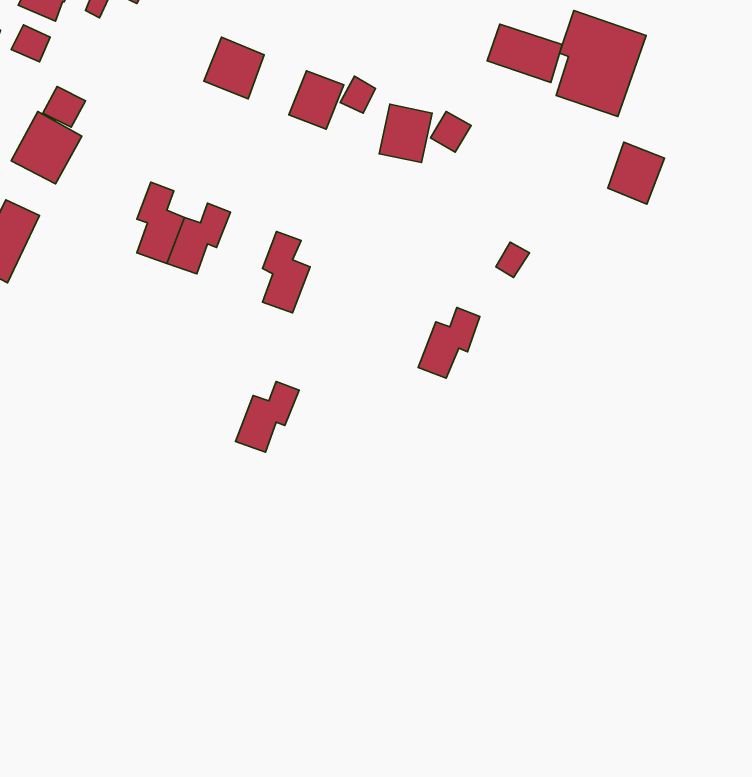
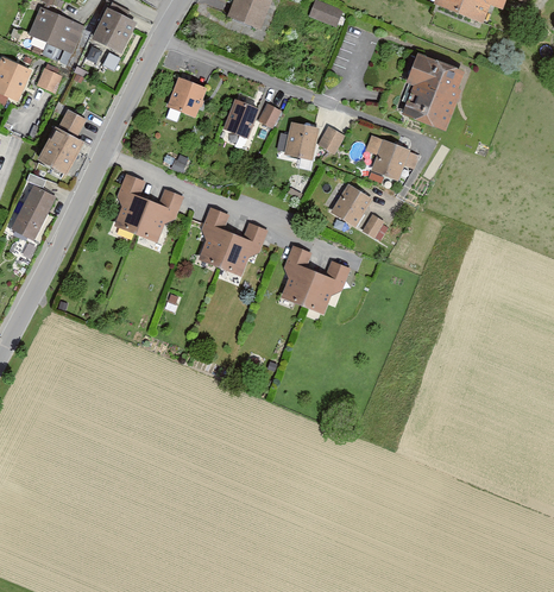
building: [487,24,562,82] -> none
building: [608,142,665,204] -> [371,139,409,181]
building: none -> [330,184,371,226]
building: none -> [288,244,321,298]
building: [235,381,299,452] -> [225,221,267,269]

